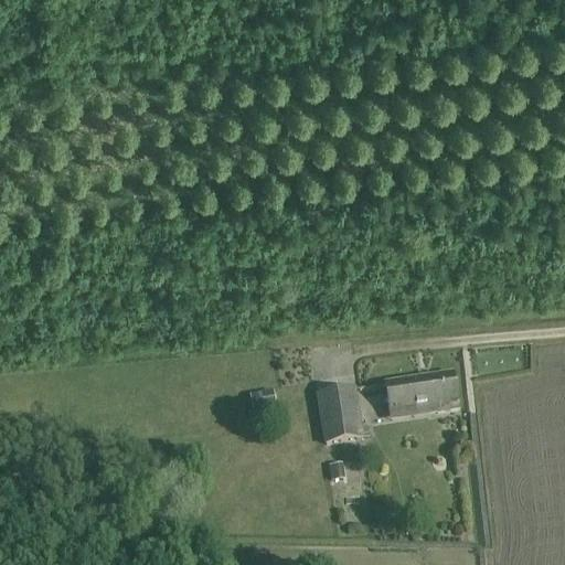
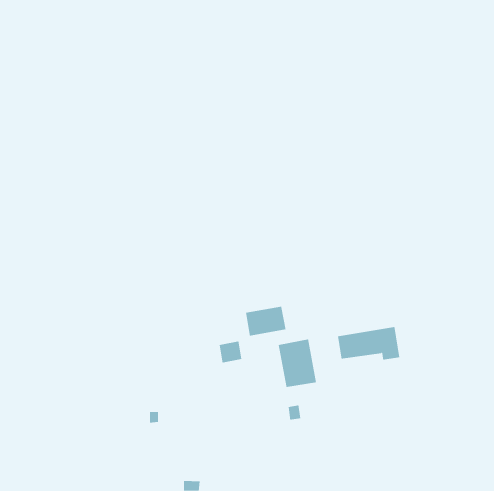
building: none -> [246,306,286,336]

